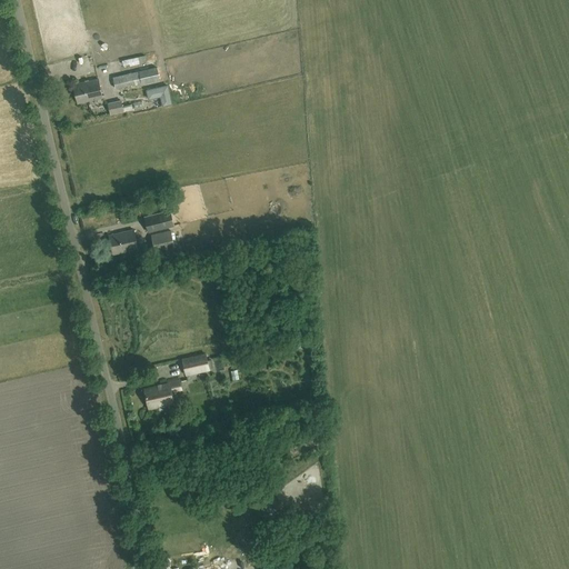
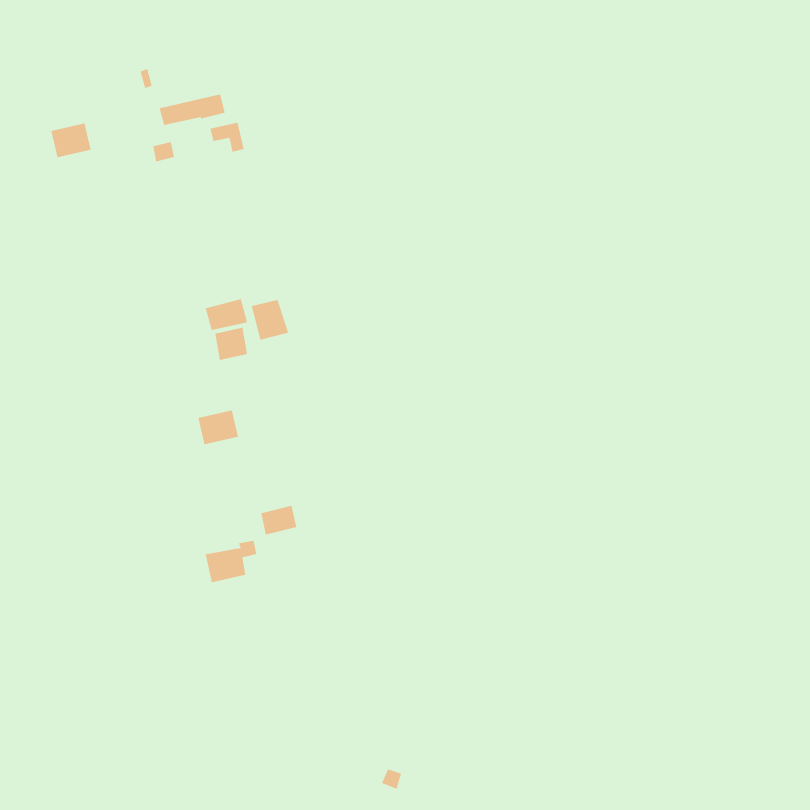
building: [72,78,101,102] -> [50,123,92,158]
building: none -> [251,299,289,341]
building: [108,229,137,253] -> [197,410,239,445]

